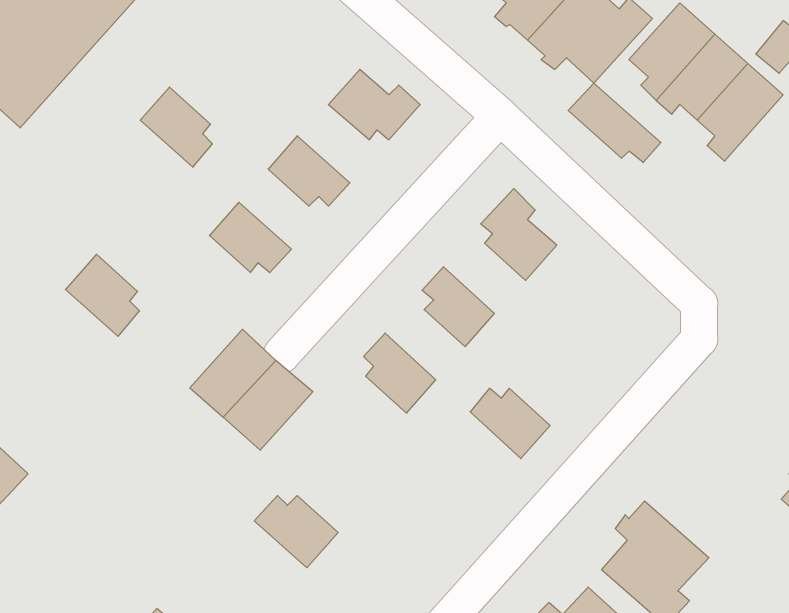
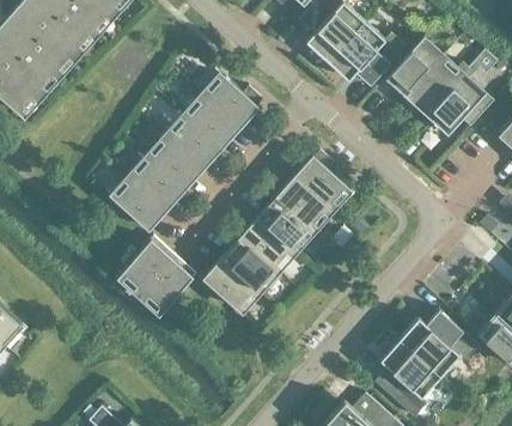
building: [568,83,661,163] -> none
building: [140,87,212,167] -> [151,139,195,188]
building: none -> [187,99,232,147]
building: none -> [276,184,327,227]
building: [65,254,140,336] -> [114,179,159,230]
building: [470,388,550,459] -> [240,225,289,268]
building: none -> [400,311,477,377]
building: [254,496,338,568] -> [202,266,254,310]

